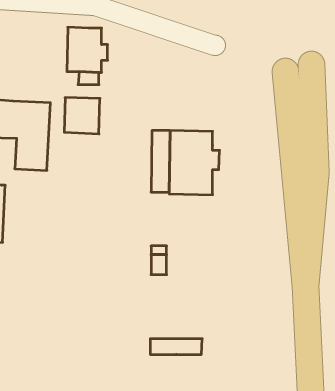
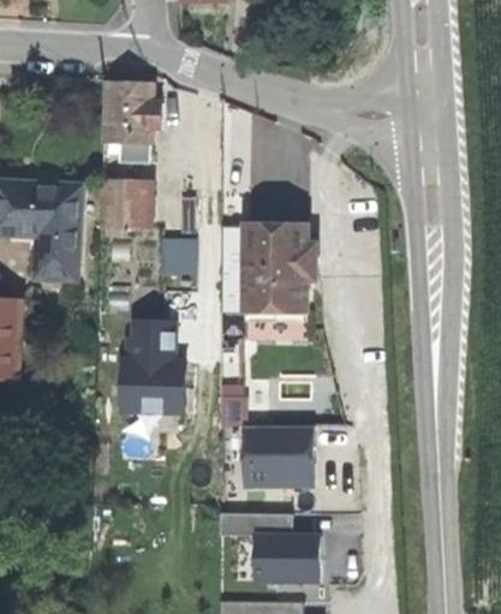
building: none -> [161,239,196,272]
building: none -> [121,321,186,412]
building: none -> [245,427,314,484]
building: none -> [256,535,320,580]

